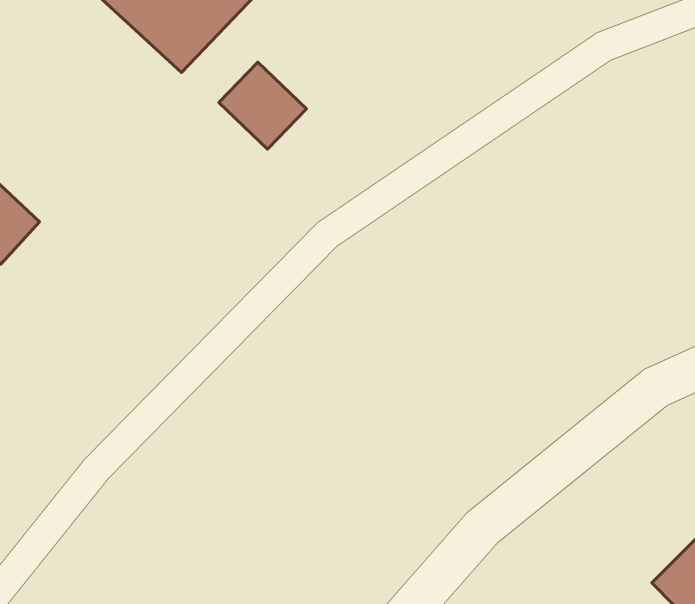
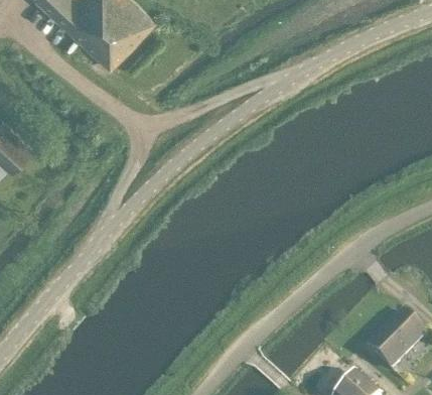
building: [219,62,307,149] -> none

